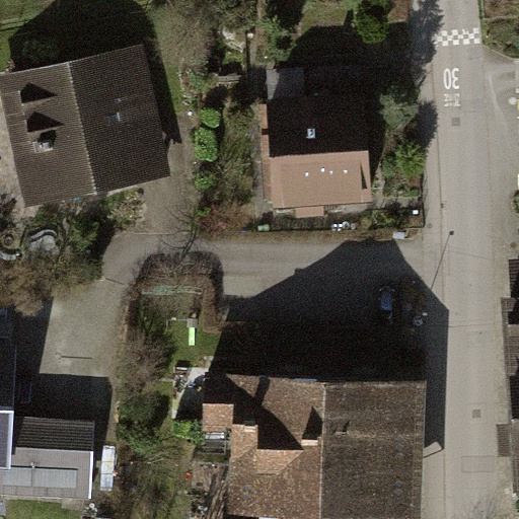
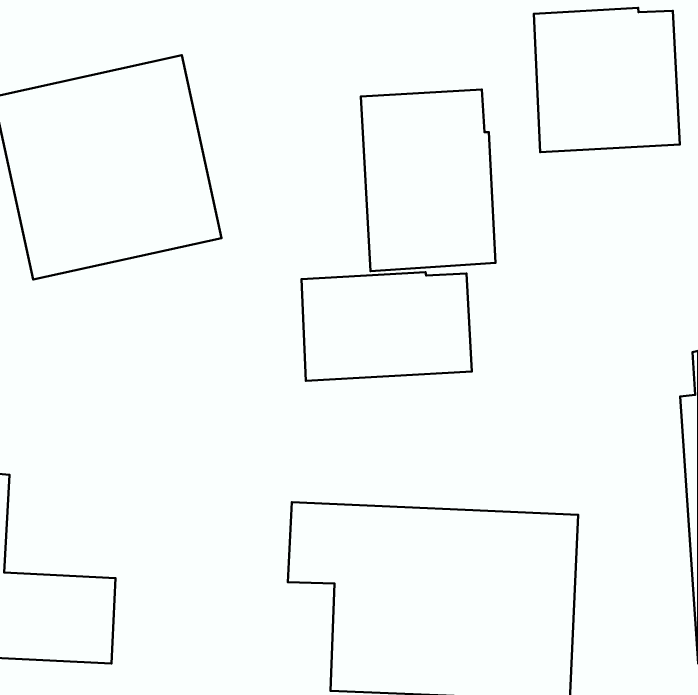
building: none -> [534,8,680,152]
building: none -> [302,272,472,381]

